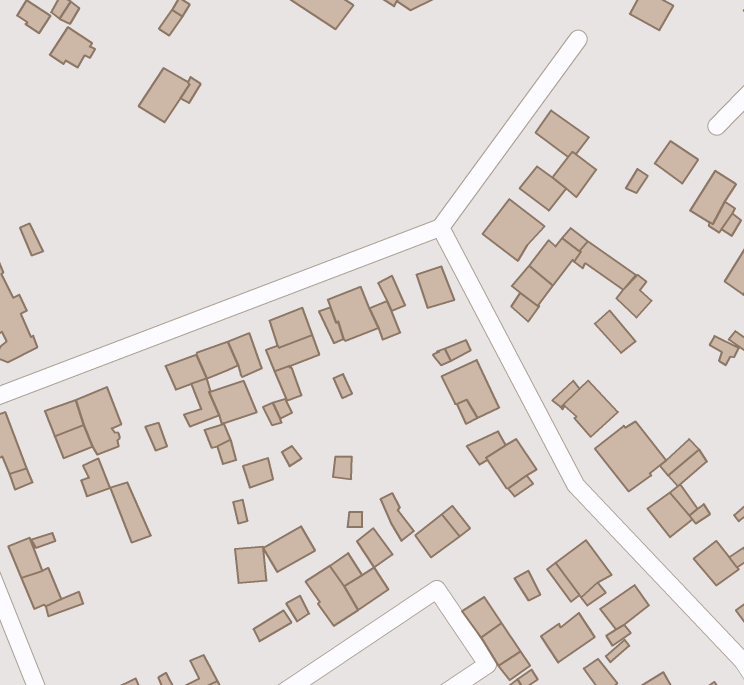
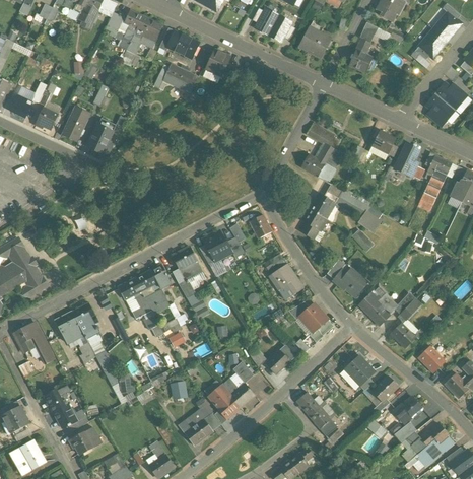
building: none -> [62,109,89,141]
building: [483,199,544,261] -> none
building: [263,526,315,572] -> [185,418,213,444]
building: [541,613,595,663] -> [393,396,422,424]
building: none -> [69,426,99,454]

